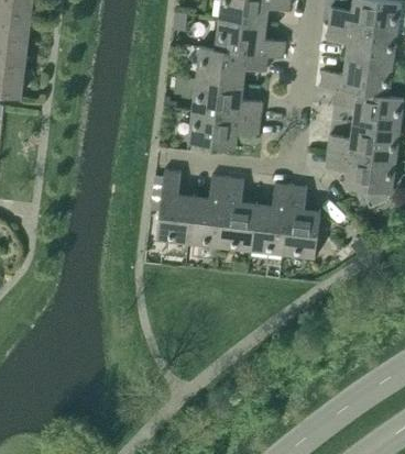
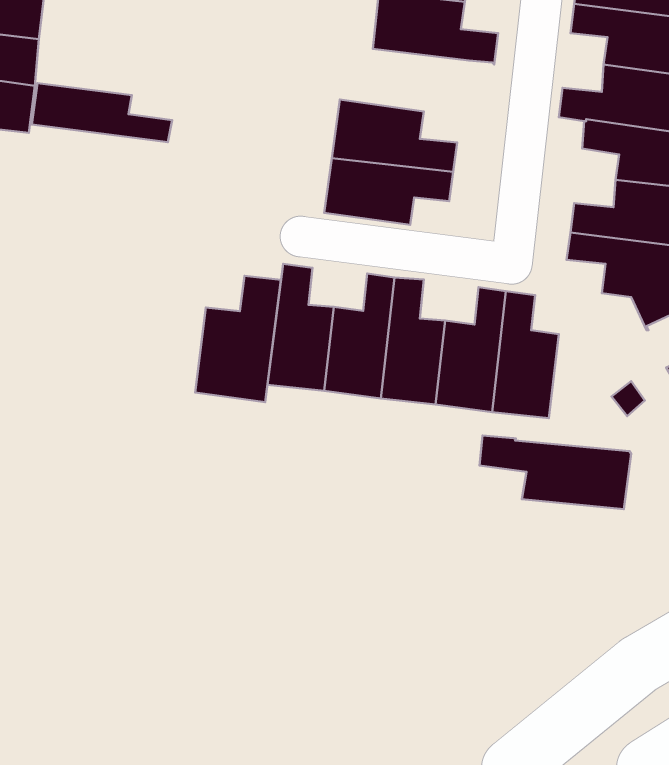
building: [196,46,269,84] -> none
building: none -> [32,83,172,142]
building: none -> [195,276,281,402]
building: none -> [479,435,631,509]

